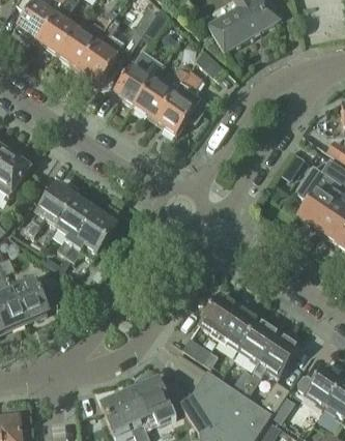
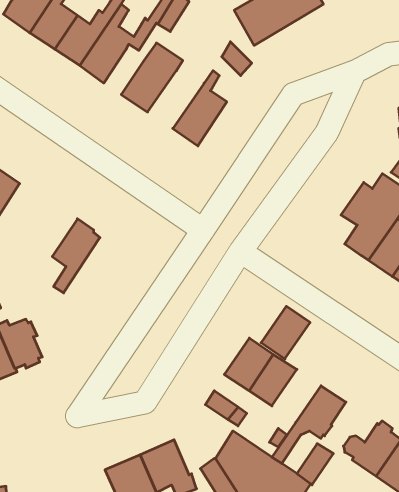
building: [135,65,190,120] -> none
building: [25,183,77,235] -> none
building: [57,210,116,271] -> none
building: [237,319,278,362] -> [261,306,310,359]

